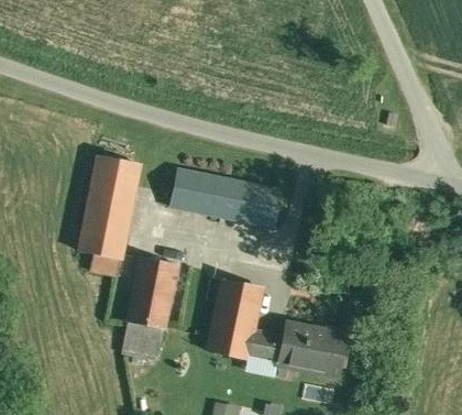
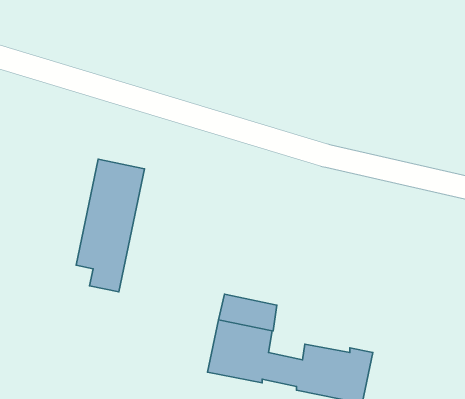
building: [171,171,282,226] -> none
building: [122,256,177,359] -> none

